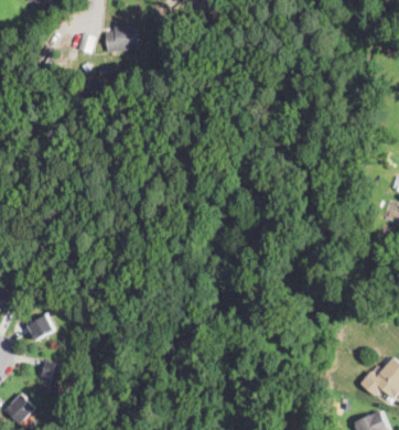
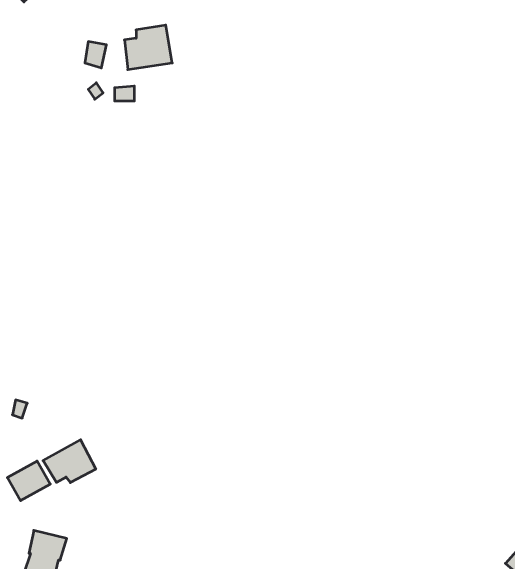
building: none -> [43,440,96,483]

